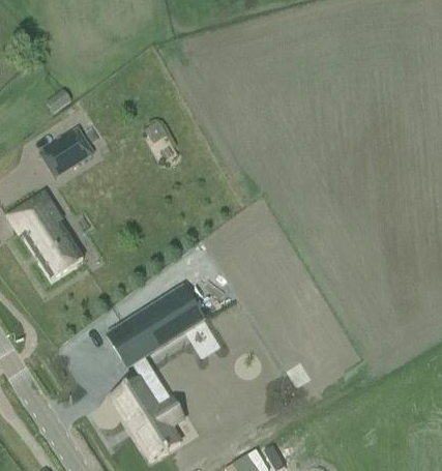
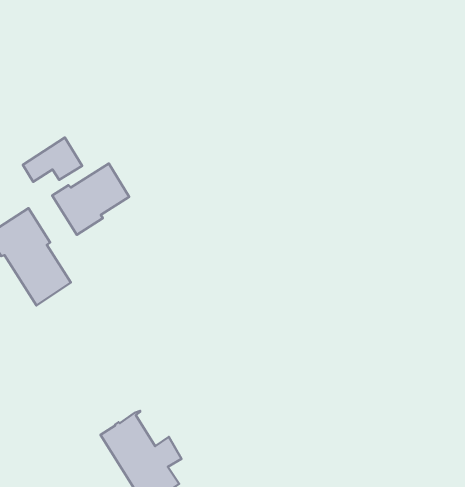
building: none -> [52,163,129,235]
building: [107,286,202,364] -> none

